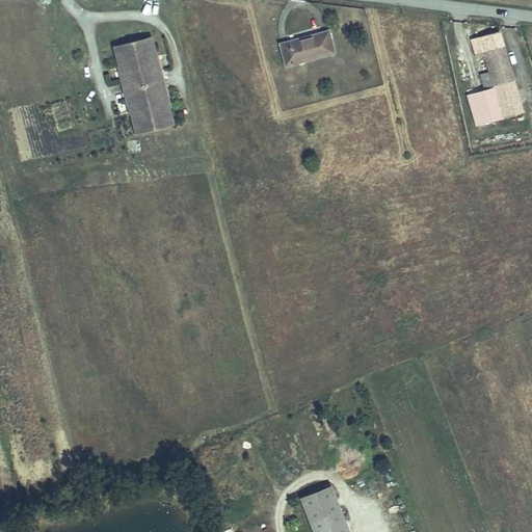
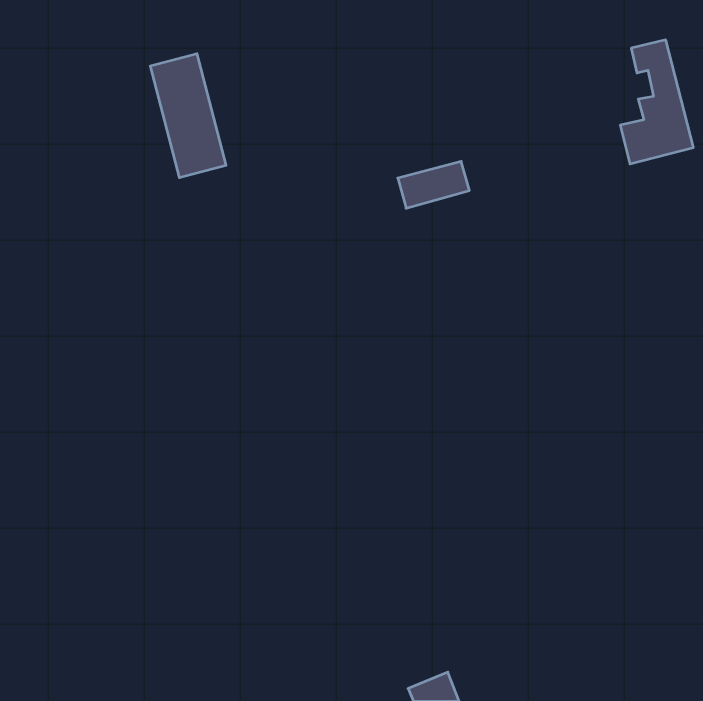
building: [282,30,336,65] -> [398,161,469,208]
building: [299,483,339,520] -> none

